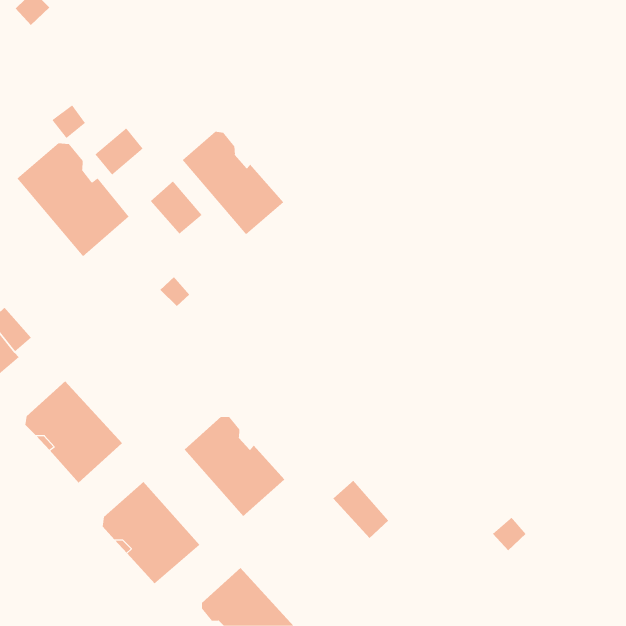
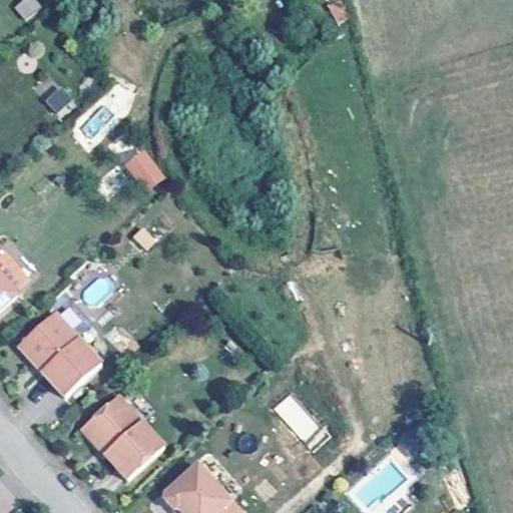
building: [182,131,284,235] -> none
building: [16,142,129,257] -> none
building: [184,416,285,517] -> none

